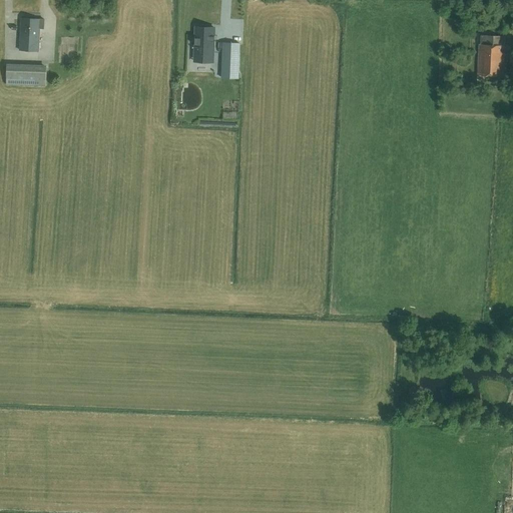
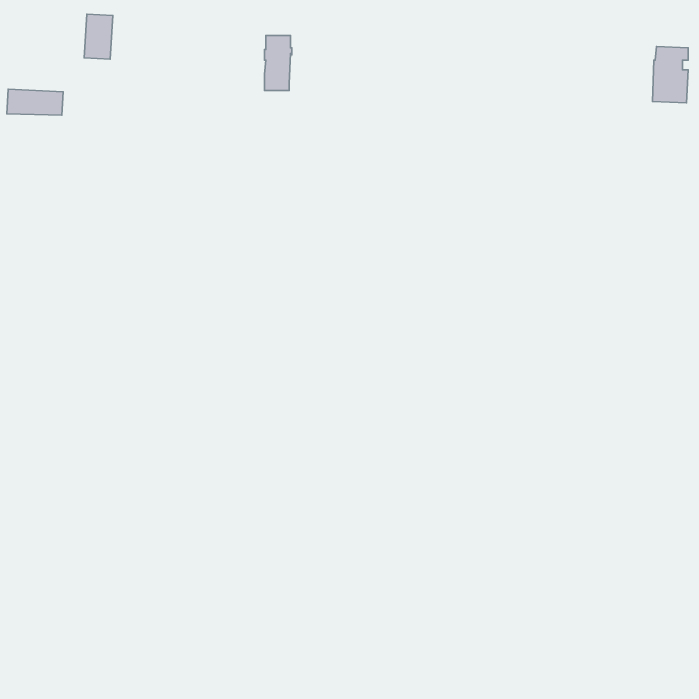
building: [18,17,39,50] -> [84,14,113,59]
building: [220,52,237,77] -> none

